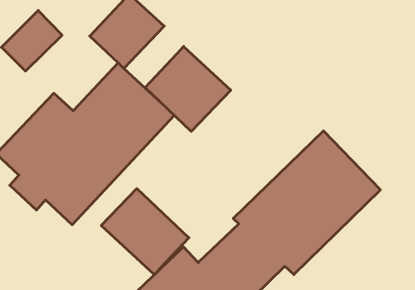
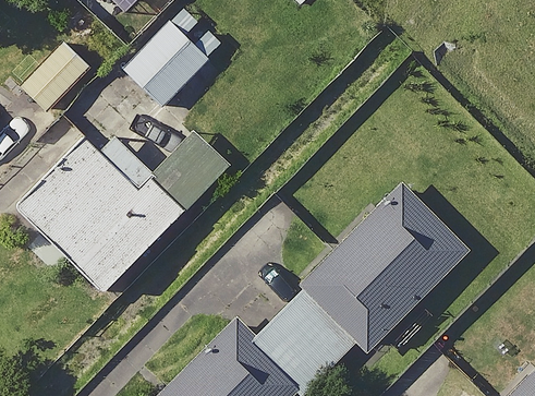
building: [145,46,231,131] -> none
building: [101,189,189,275] -> none

